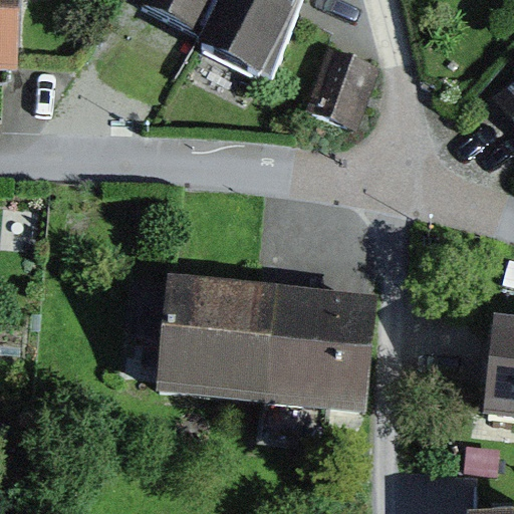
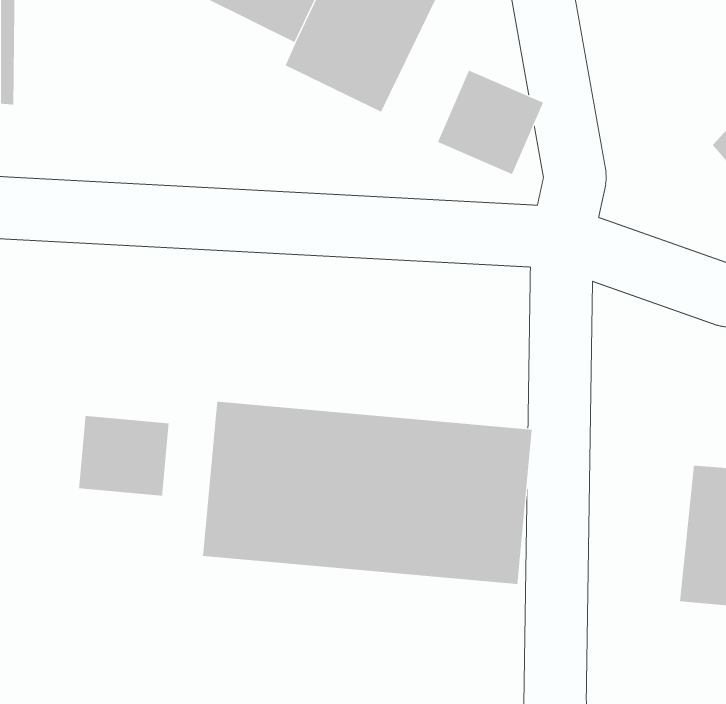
building: none -> [78,415,169,497]

